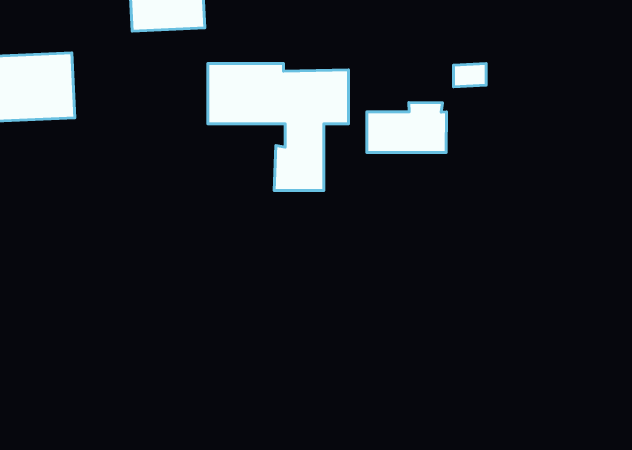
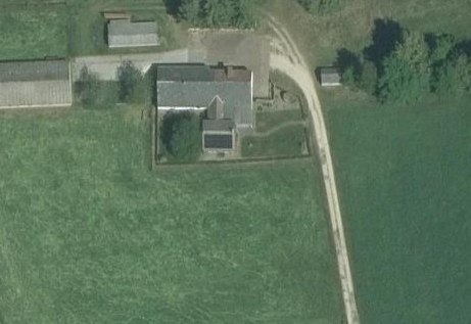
building: [367,103,446,152] -> none

